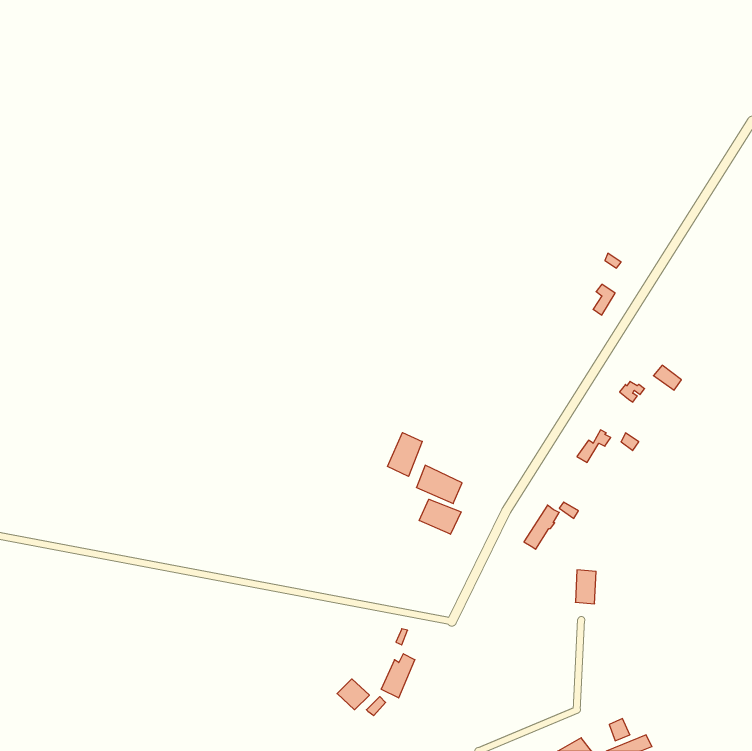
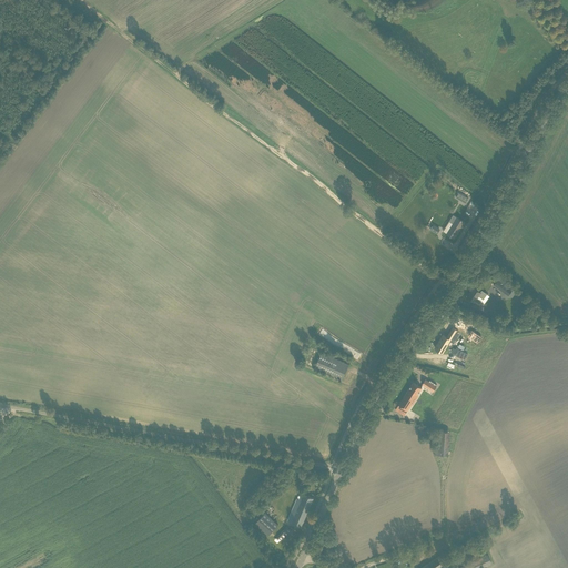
building: [388,433,422,476] -> none
building: [419,499,461,534] -> none

